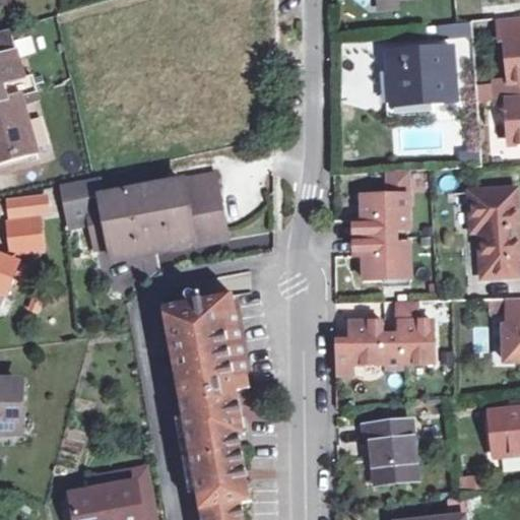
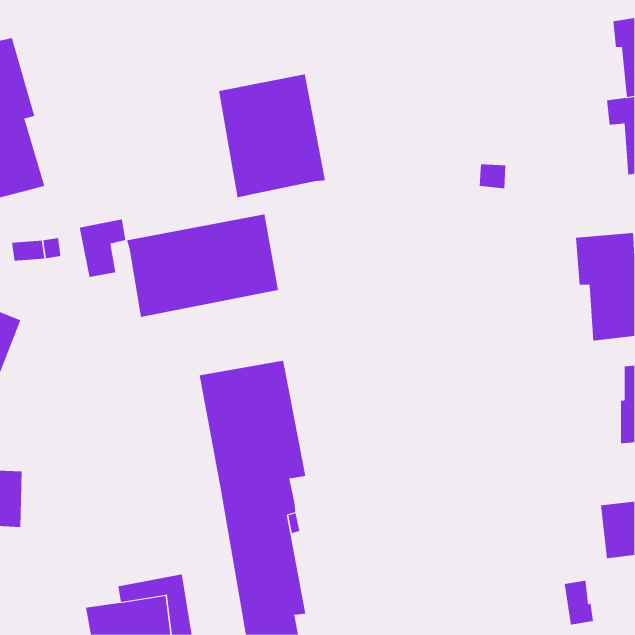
building: [387,49,452,104] -> none
building: none -> [218,74,325,198]
building: [347,171,411,282] -> none
building: [7,216,44,252] -> none
building: [333,302,435,377] -> none
building: [366,417,418,481] -> none

